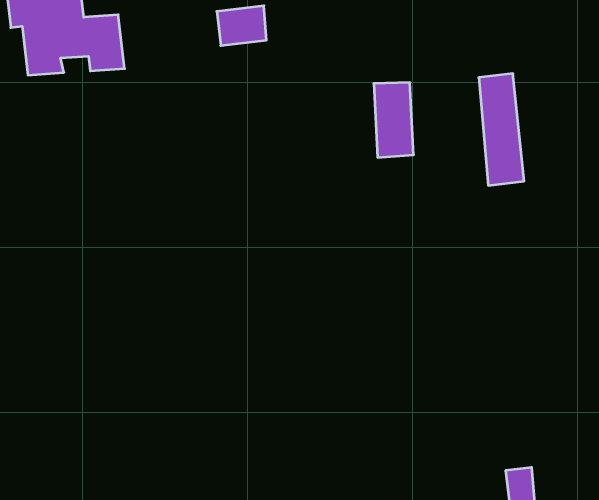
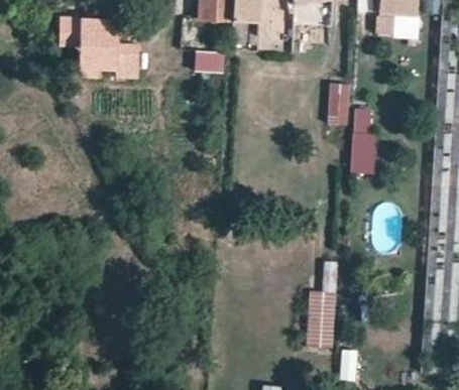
building: [374,83,414,157] -> [330,82,355,128]
building: none -> [309,263,339,350]

